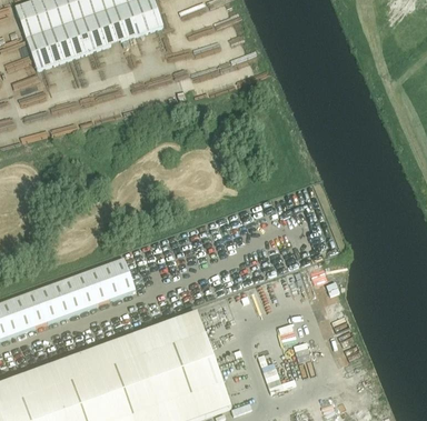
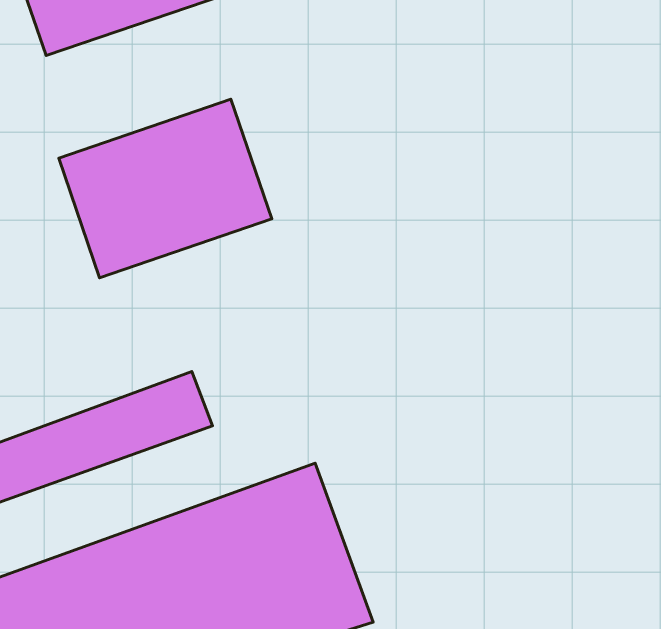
building: none -> [59,99,272,278]

